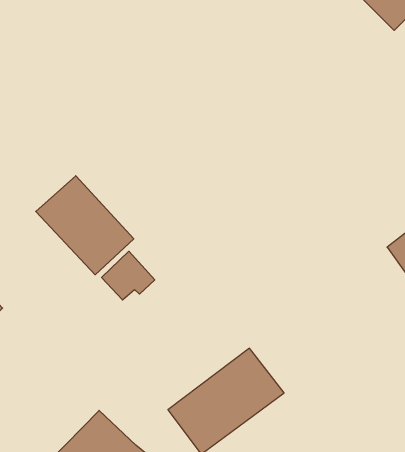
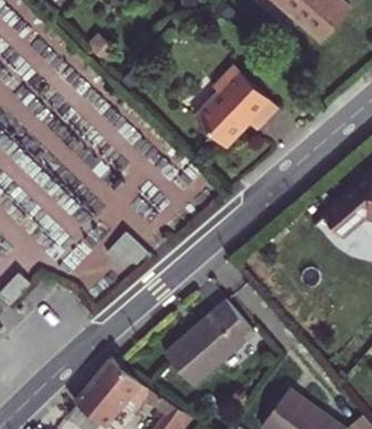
building: none -> [194,66,277,148]
building: [36,176,134,275] -> none

